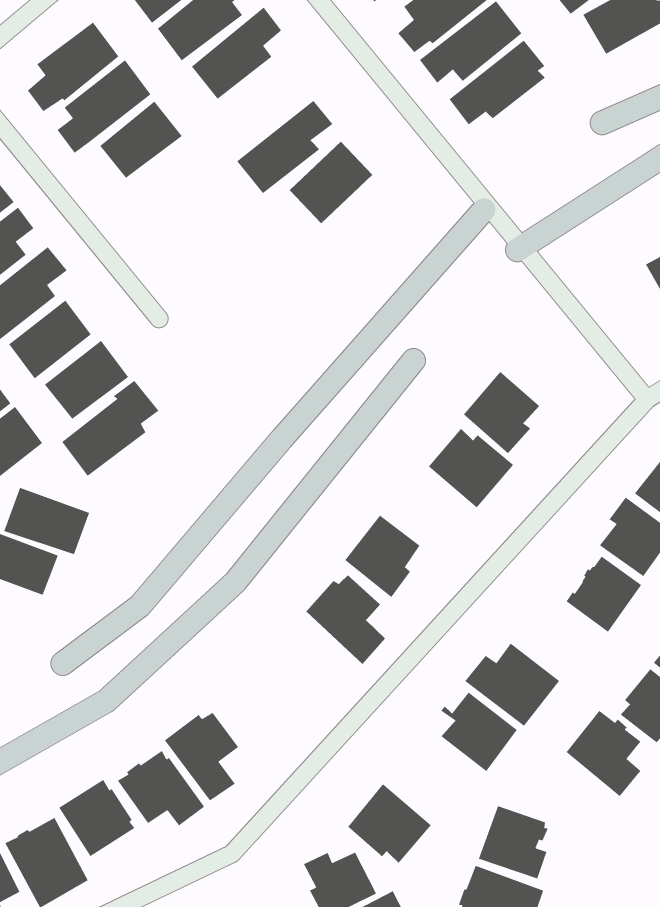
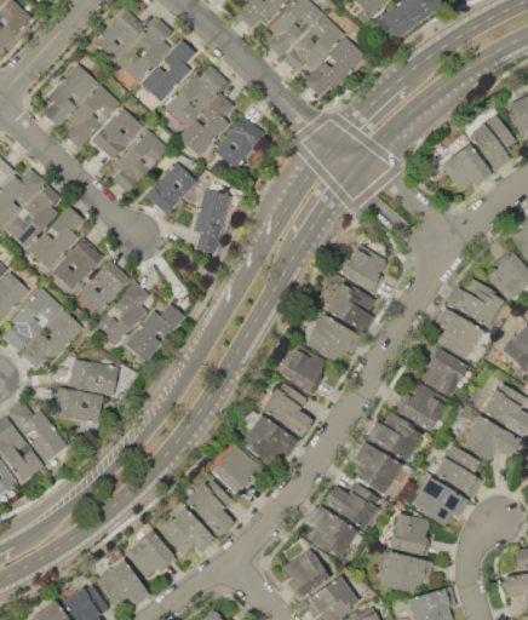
building: none -> [165,64,228,125]
building: none -> [113,130,167,191]
building: none -> [145,161,197,213]
building: none -> [193,188,231,253]
building: none -> [124,303,184,361]
building: none -> [305,314,356,361]
building: none -> [401,383,447,430]
building: none -> [241,414,297,464]
building: none -> [211,446,263,496]
building: none -> [322,482,381,528]
building: none -> [413,476,470,526]

